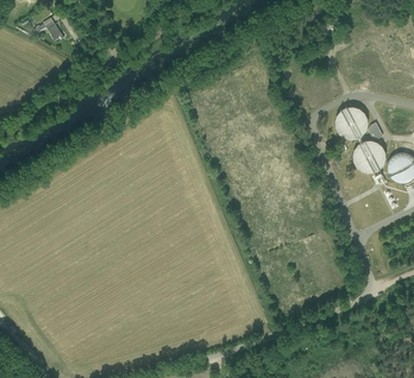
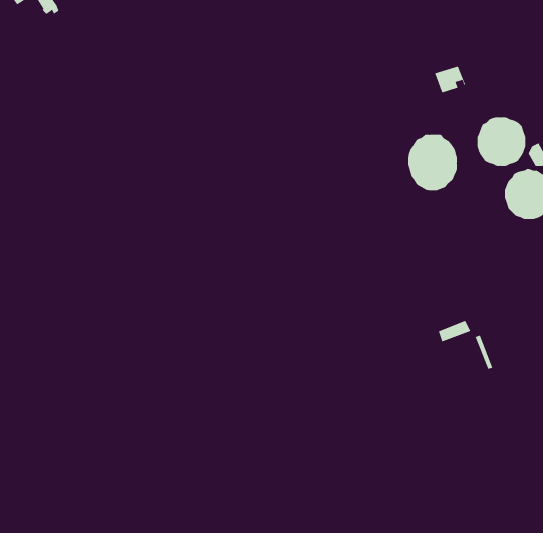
building: none -> [407,134,457,191]

